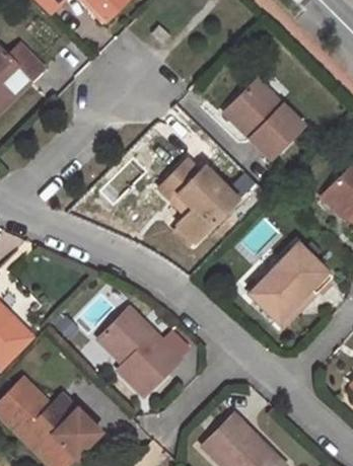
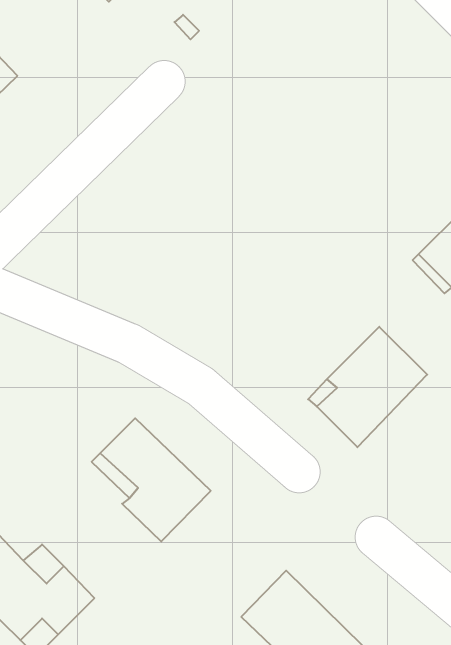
building: [228,79,304,158] -> none
building: [158,159,239,244] -> none

